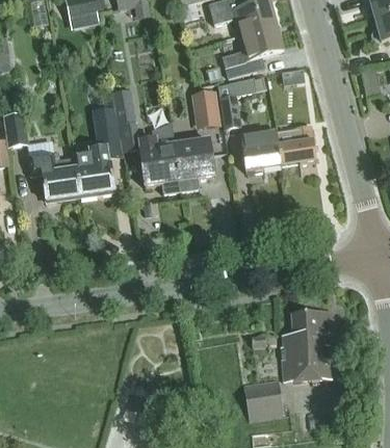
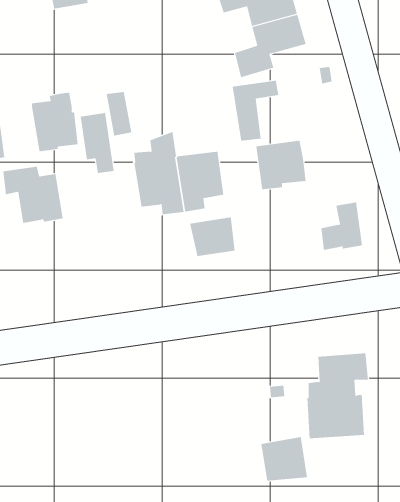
building: [193,90,223,129] -> none
building: [280,124,315,164] -> [321,202,363,250]
building: [73,146,112,195] -> [31,92,79,152]
building: none -> [189,217,235,257]

